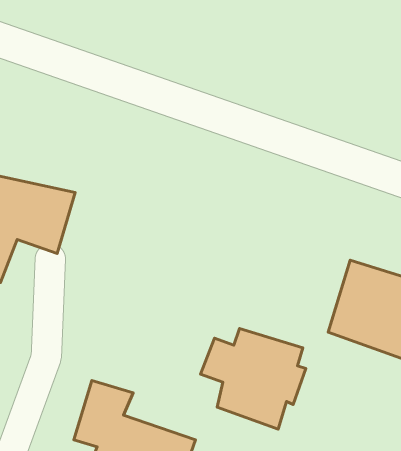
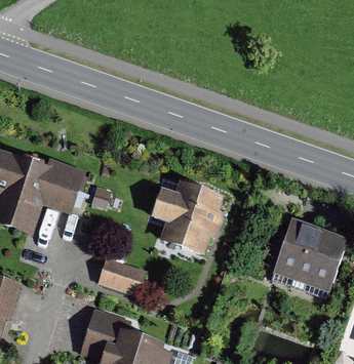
building: none -> [100,258,145,296]
building: [201,328,306,429] -> [146,181,224,256]

